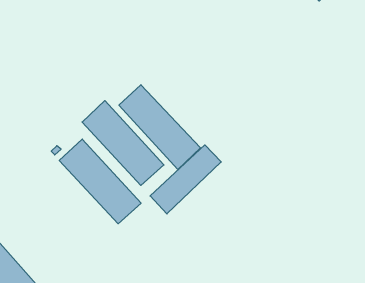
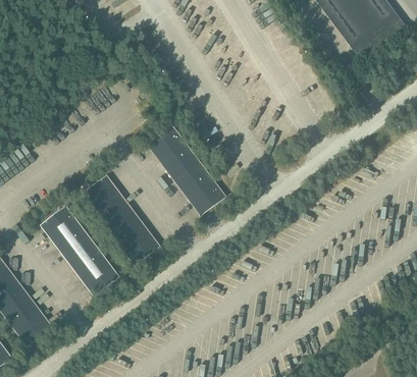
building: [82,101,164,185] -> [40,205,118,294]
building: [150,145,221,214] -> none

